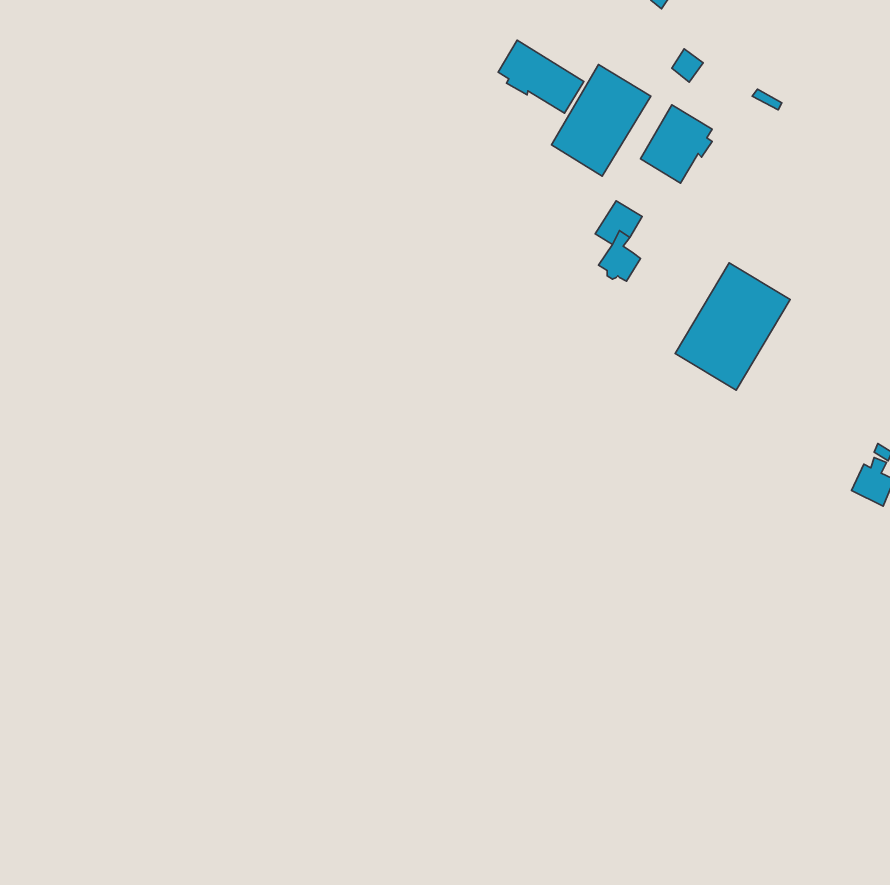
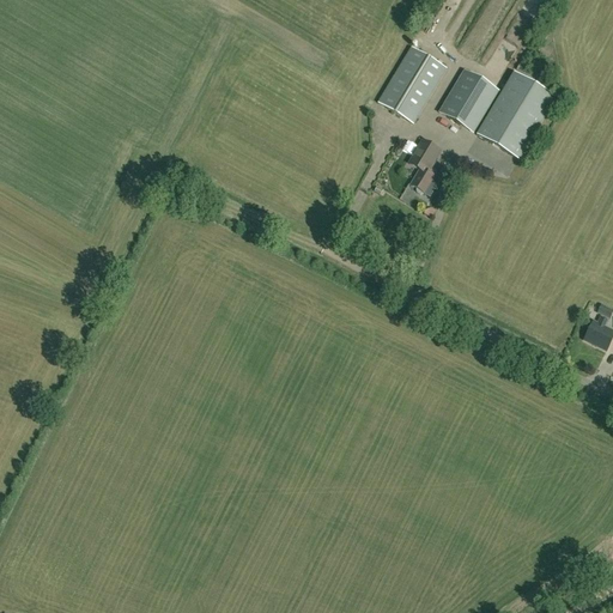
building: [498,40,584,113] -> none
building: [675,263,790,390] -> [478,69,557,157]

